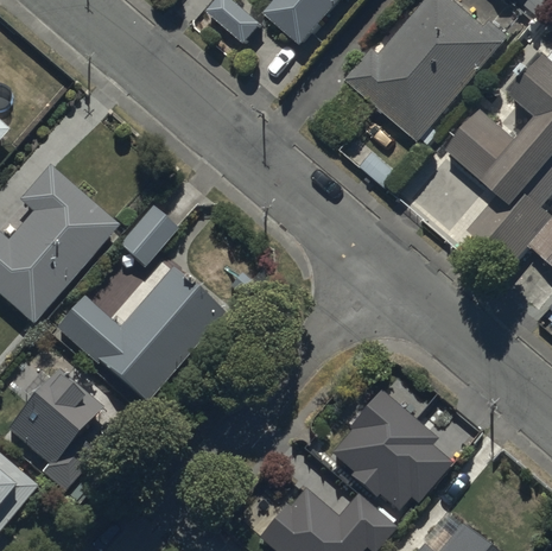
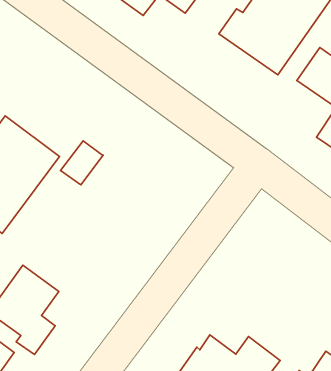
building: [55,271,223,406] -> none
building: [328,388,452,508] -> none

